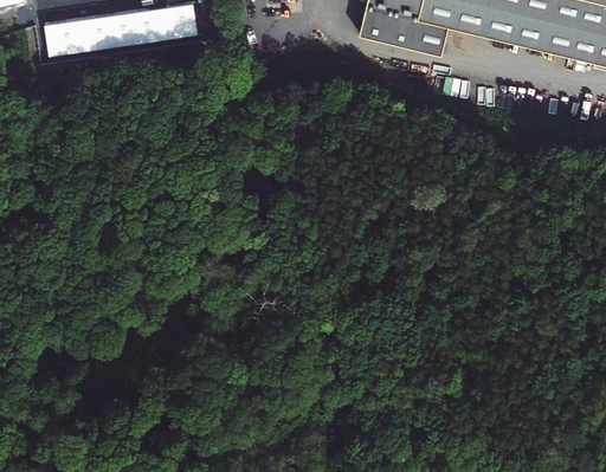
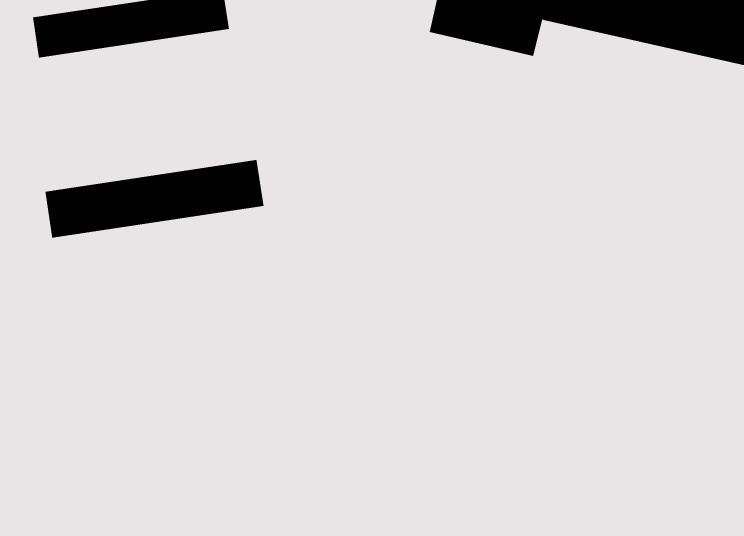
building: none -> [45,159,264,239]

